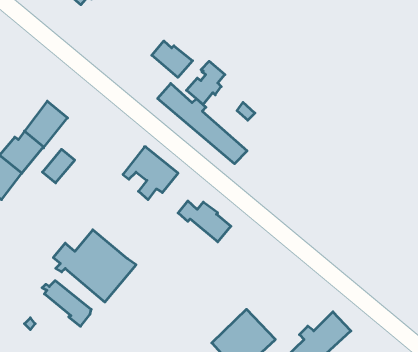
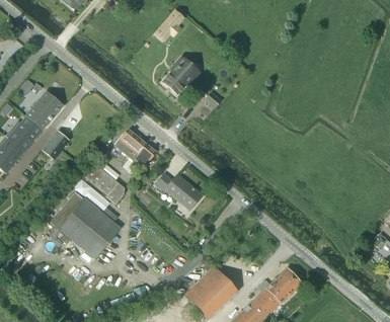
building: [152,41,193,77] -> none
building: [158,83,247,164] -> none
building: [42,281,91,326] -> [83,165,125,204]

